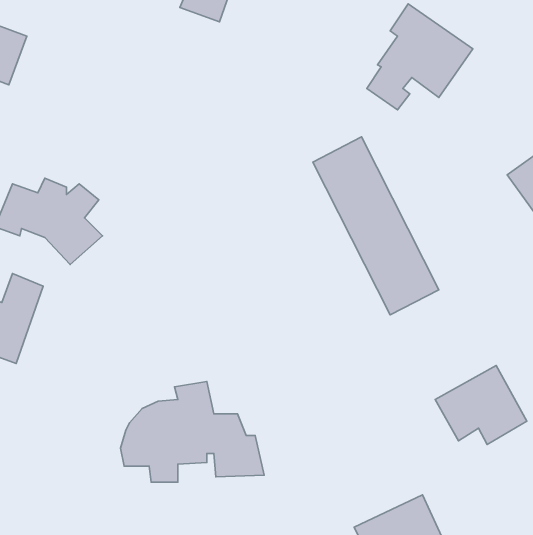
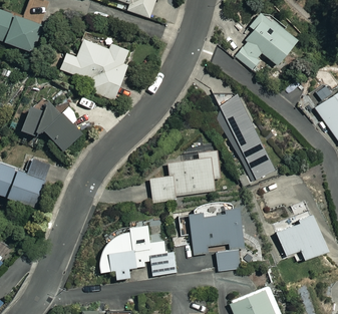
building: none -> [65,43,134,102]
building: none -> [149,147,220,203]
building: none -> [187,201,243,271]

